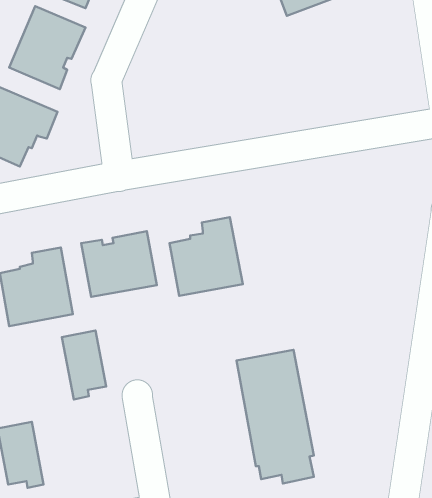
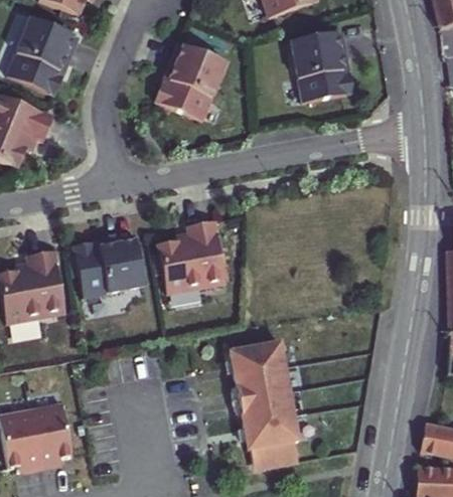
building: none -> [290,32,351,103]
building: none -> [157,48,229,126]
building: [62,331,106,400] -> [32,402,73,467]

